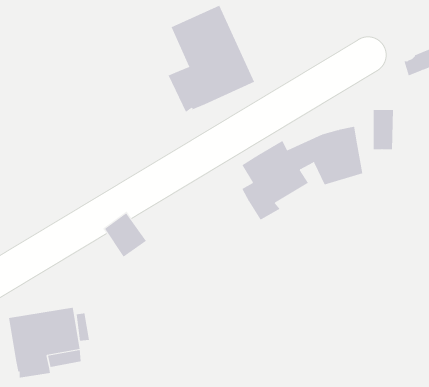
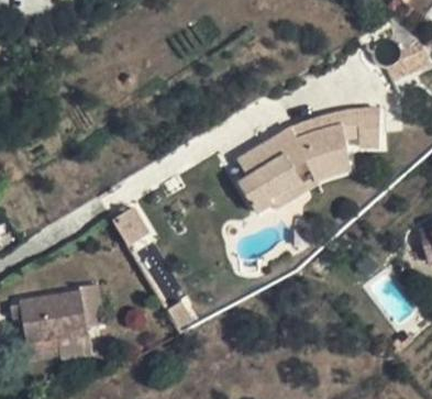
building: [168,5,255,113] -> none
building: none -> [275,109,358,146]

